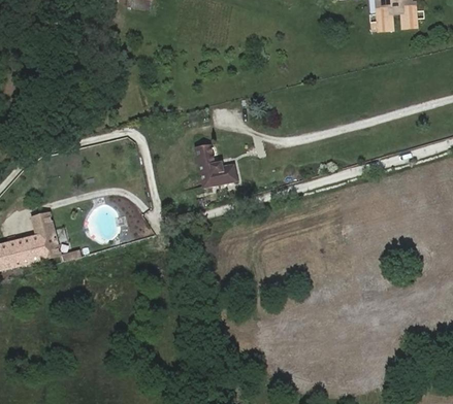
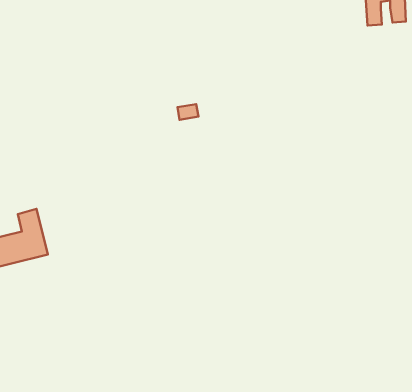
building: [196,146,236,187] -> none

